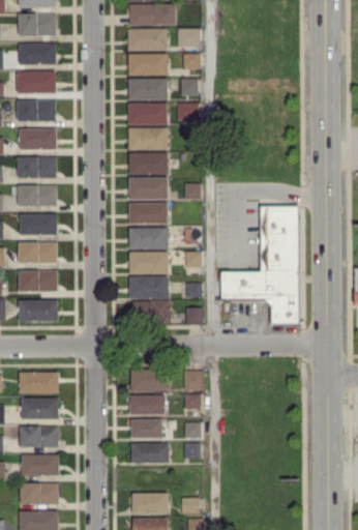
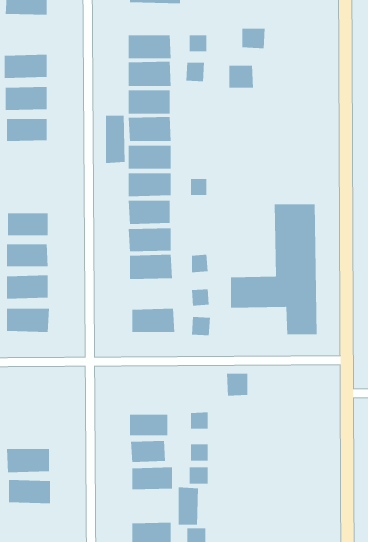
building: [127,29,167,51] -> none
building: [178,29,200,48] -> [241,28,266,49]
building: [19,43,56,65] -> none
building: [177,104,200,124] -> [229,65,254,88]
building: none -> [106,115,125,164]
building: [18,157,56,178] -> none
building: [18,185,56,207] -> none
building: [129,276,169,299] -> none
building: [130,370,167,392] -> none
building: [183,371,203,391] -> [226,373,248,396]
building: [19,372,58,393] -> none
building: [21,399,59,419] -> none
building: none -> [178,487,198,526]
building: [20,482,58,504] -> none

